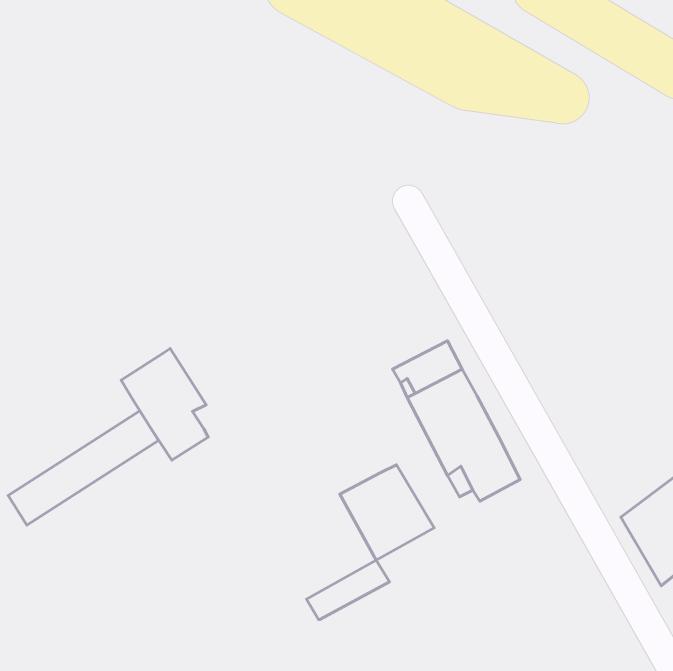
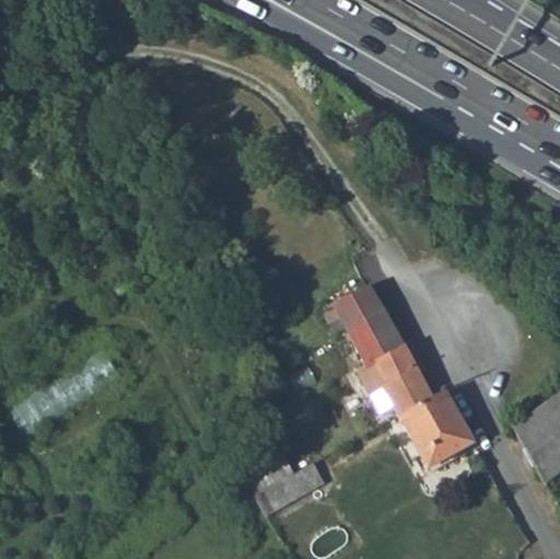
building: [121,348,208,460] -> none
building: [340,465,434,560] -> [399,389,476,467]

